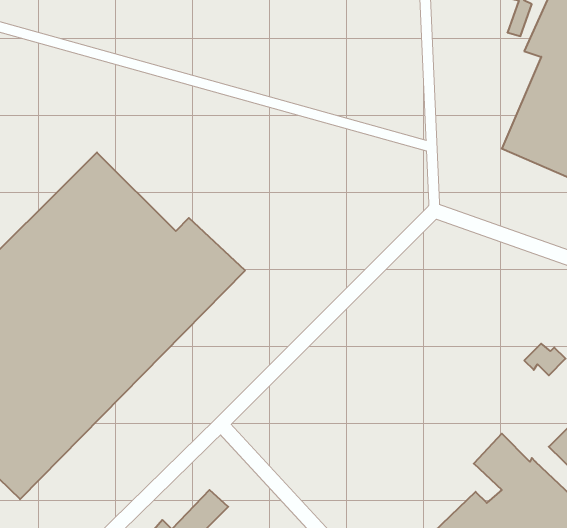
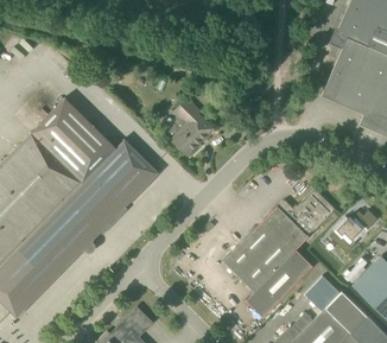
building: none -> [170,100,214,157]
building: none -> [223,189,335,318]

